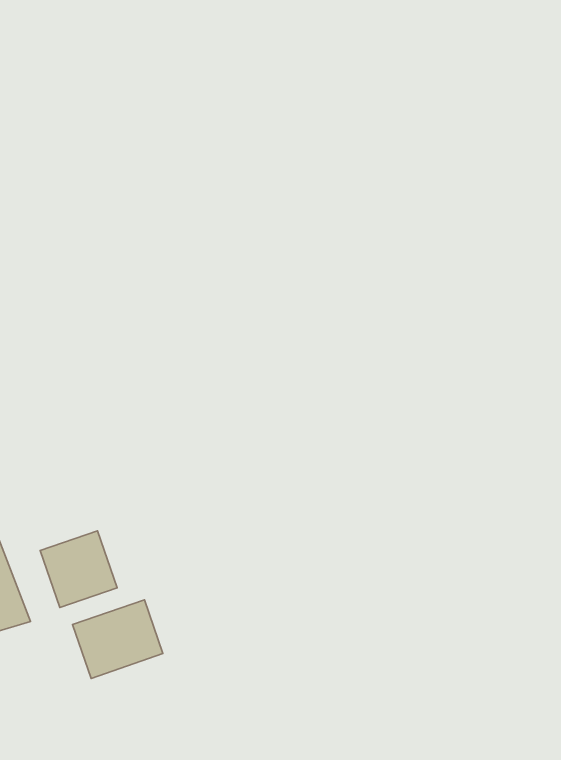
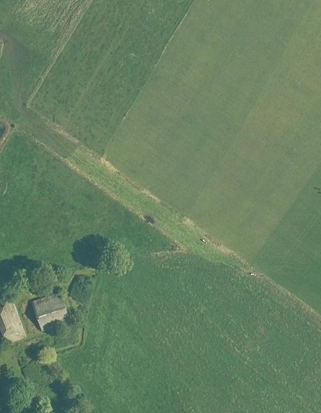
building: [73,600,163,678] -> none

